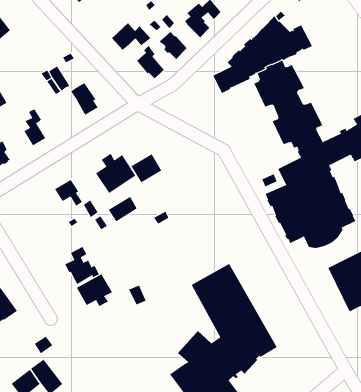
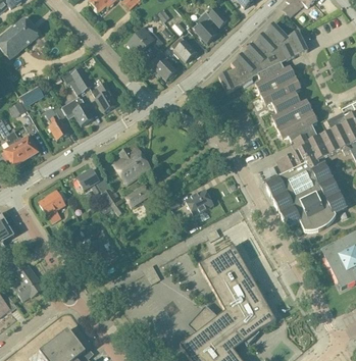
building: none -> [62,96,94,124]
building: [130,154,162,183] -> [185,188,213,214]
building: none -> [39,188,67,221]
building: [76,274,113,307] -> none

